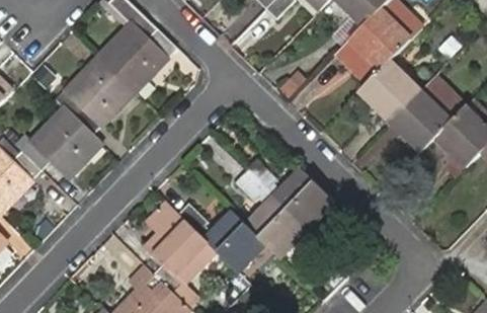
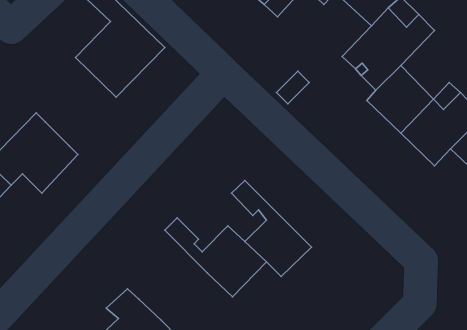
building: [63,57,134,136] -> none
building: [249,157,335,227] -> none
building: [144,201,216,293] -> none

